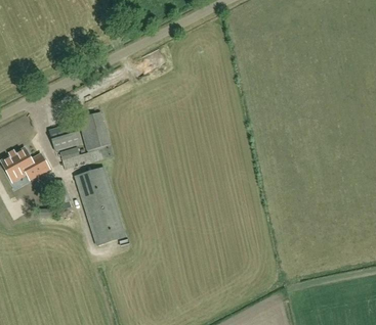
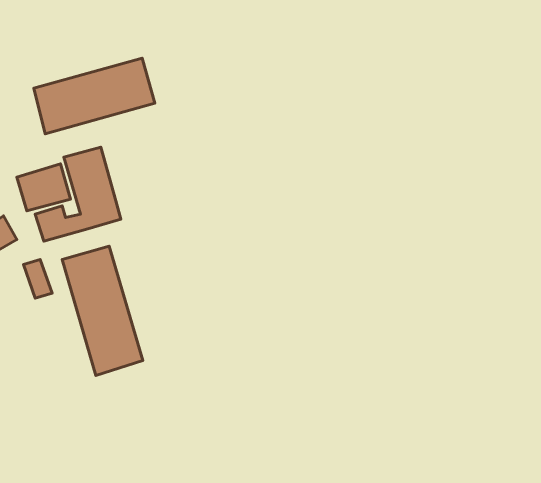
building: none -> [34,58,155,134]

